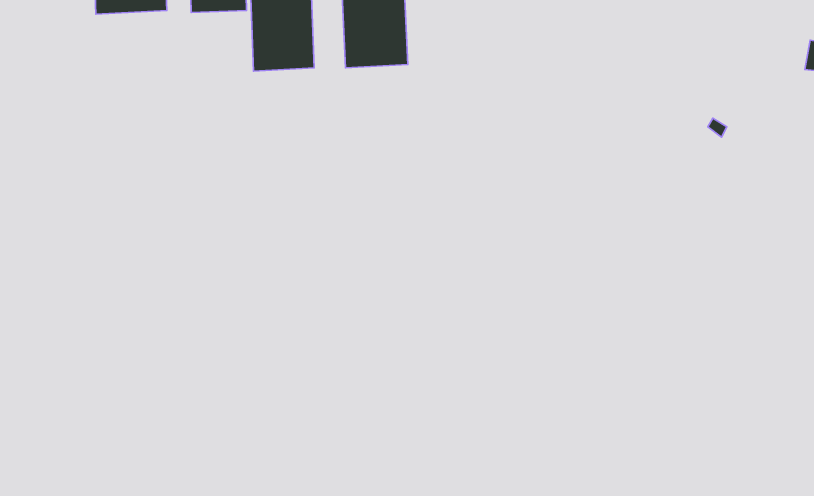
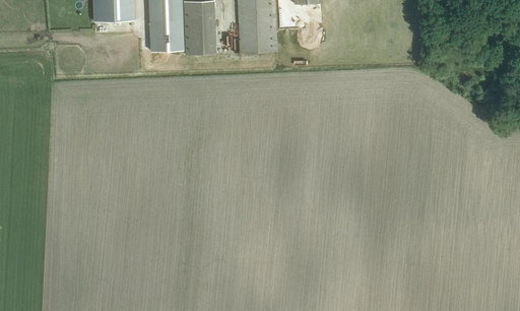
building: none -> [149,19,184,51]

